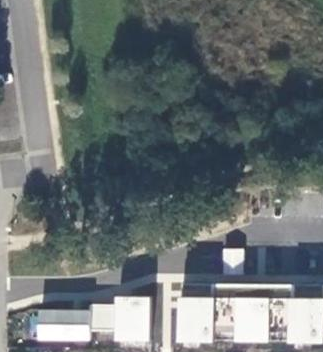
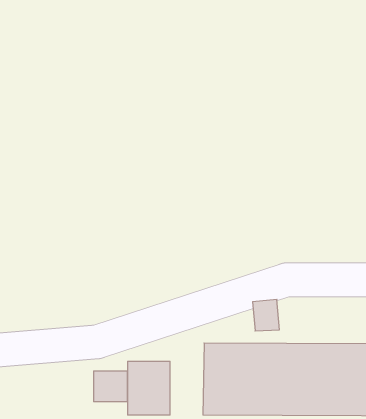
building: [36,311,86,341] -> none

